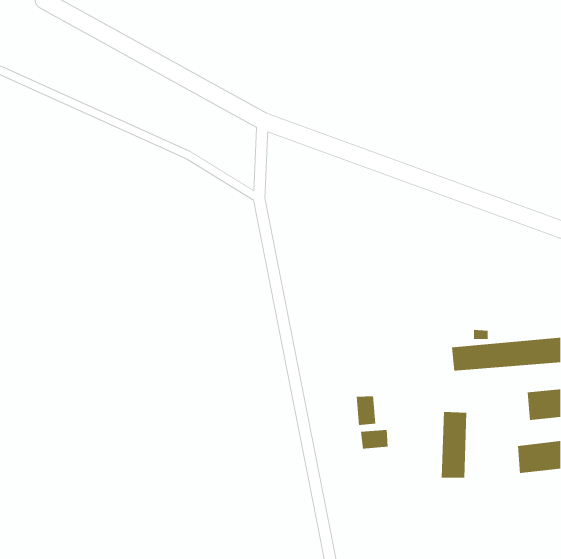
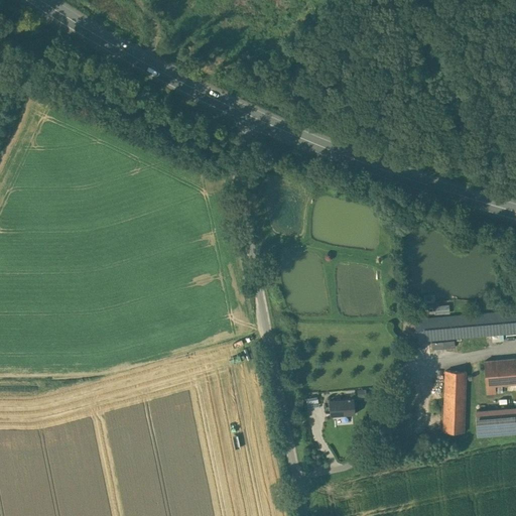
building: [356,396,376,426] -> none
building: [441,411,467,478] -> [442,372,467,433]

